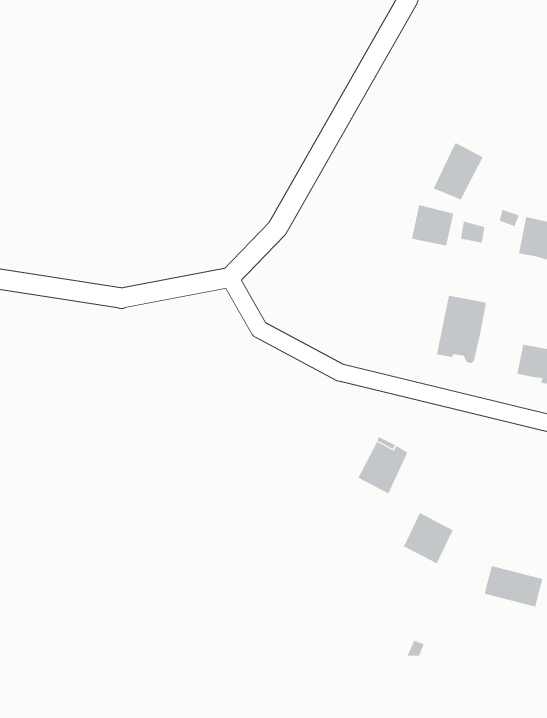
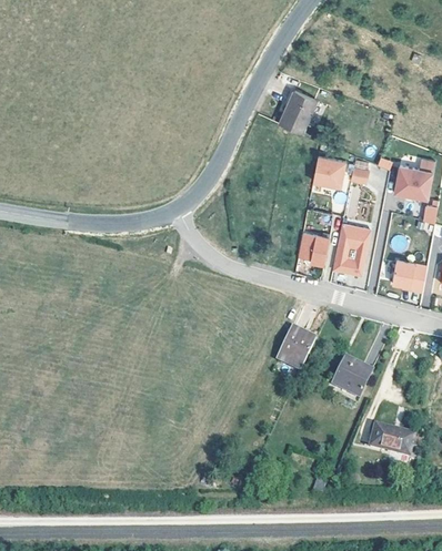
building: [433,142,483,200] -> [281,90,319,133]
building: none -> [297,233,329,268]
building: [403,512,454,564] -> [330,357,368,396]

